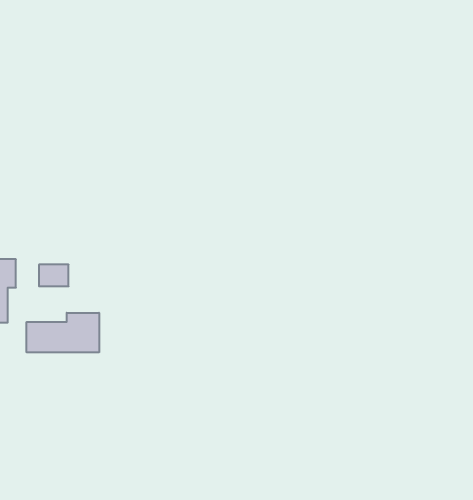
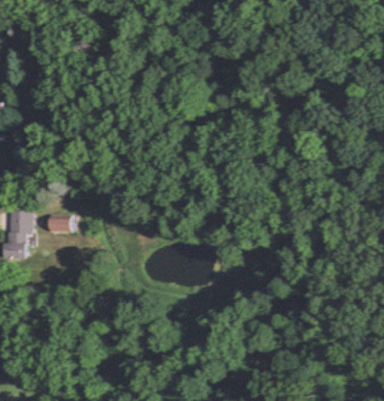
building: [27,313,99,352] -> none

